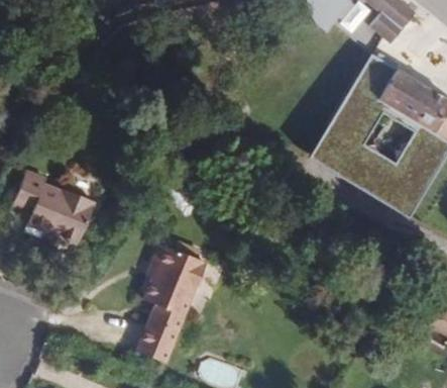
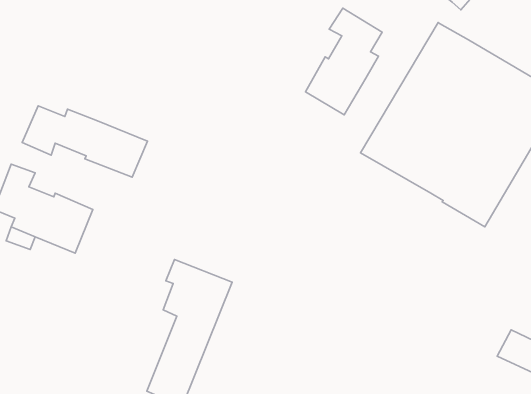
building: none -> [305,8,382,115]
building: none -> [22,106,147,177]

